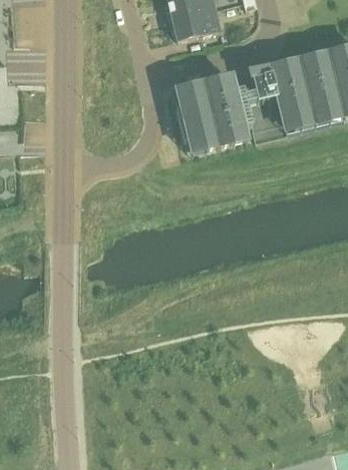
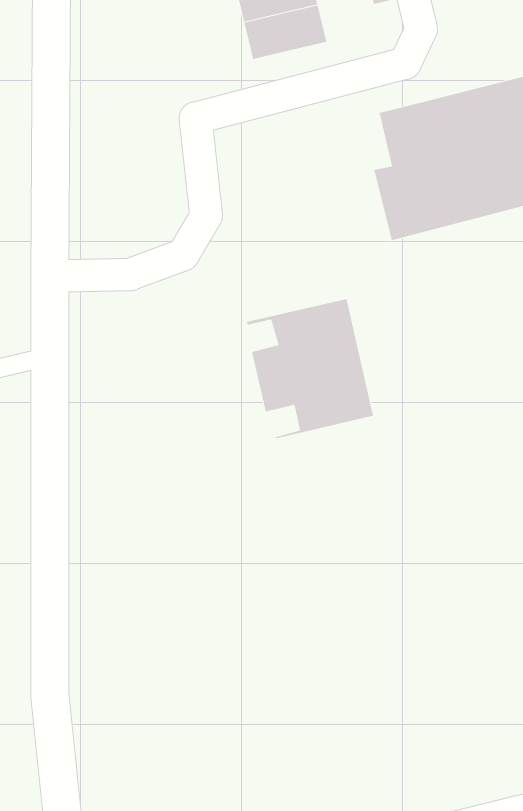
building: [176,75,248,154] -> [246,299,374,439]

